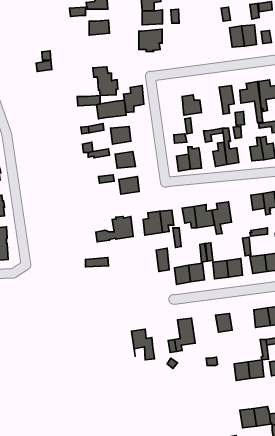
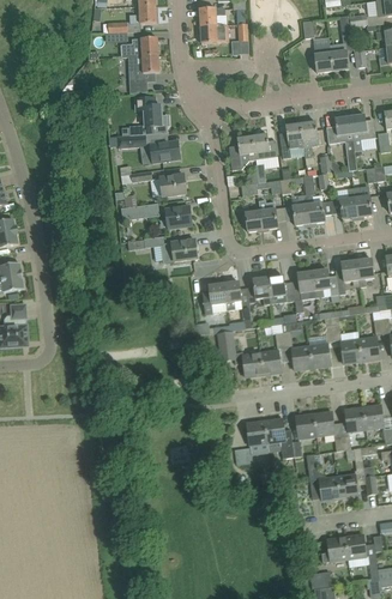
building: [139,29,162,52] -> [128,54,158,83]
building: [124,86,144,113] -> [228,135,254,170]
building: none -> [278,123,303,158]
building: none -> [312,268,338,302]
building: [96,216,133,242] -> none
building: none -> [313,411,343,450]
building: [131,329,155,360] -> [264,418,294,458]

